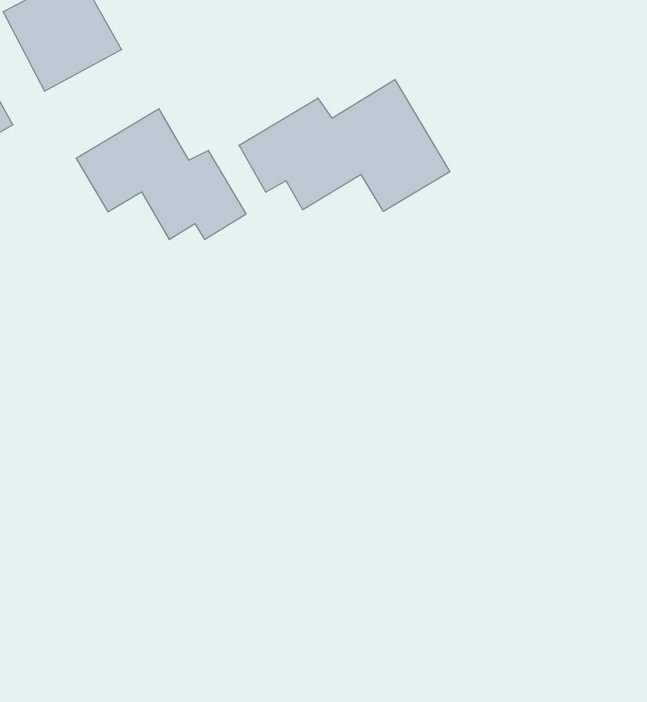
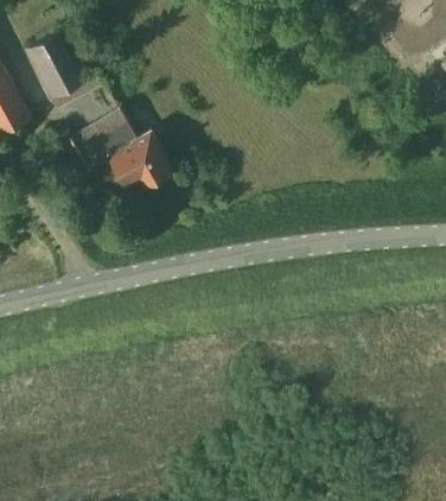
building: [239,79,450,211] -> none

